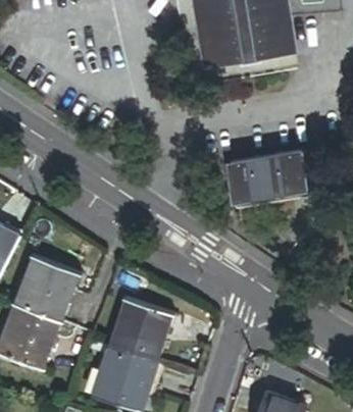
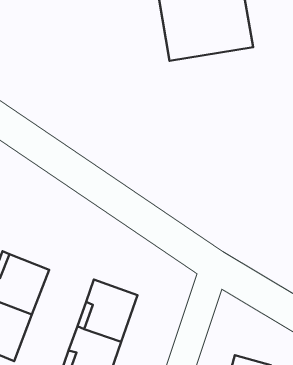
building: [230,149,307,197] -> none

